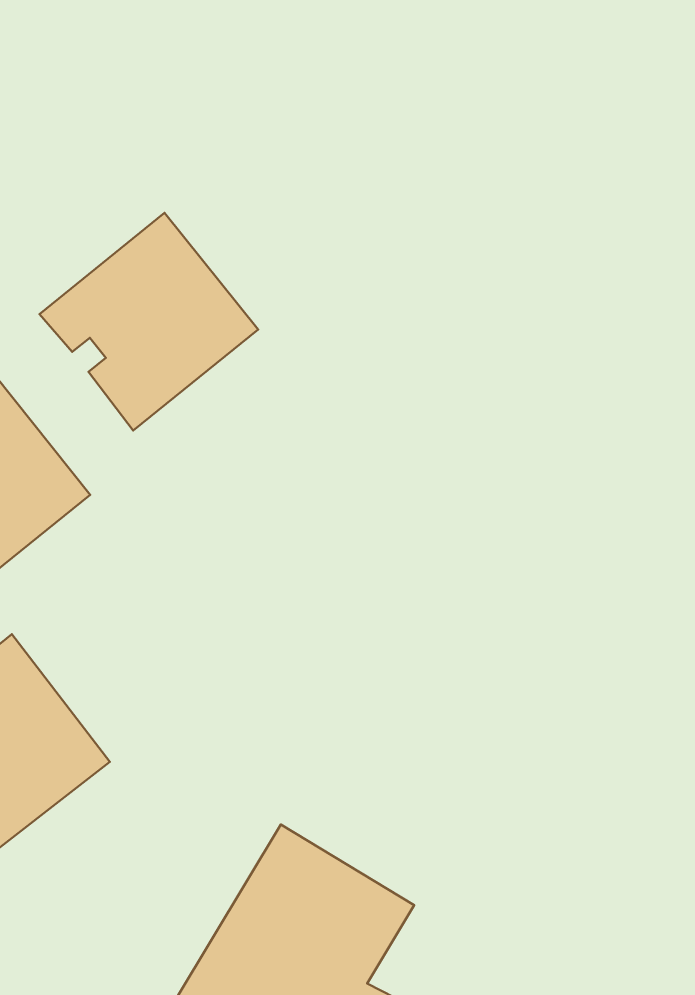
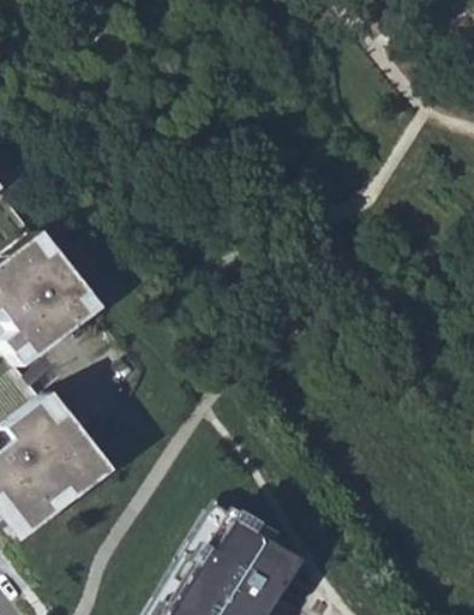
building: [40,213,258,431] -> none

